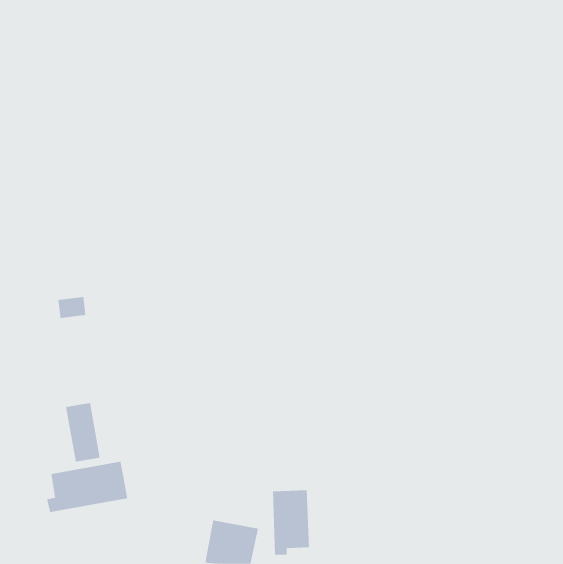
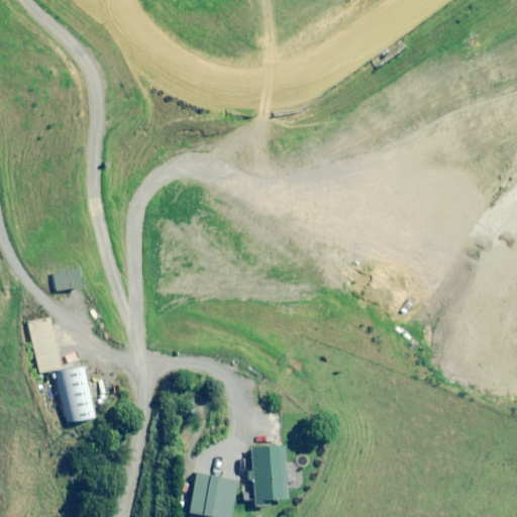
building: none -> [30,319,62,374]
building: [47,461,128,513] -> none

